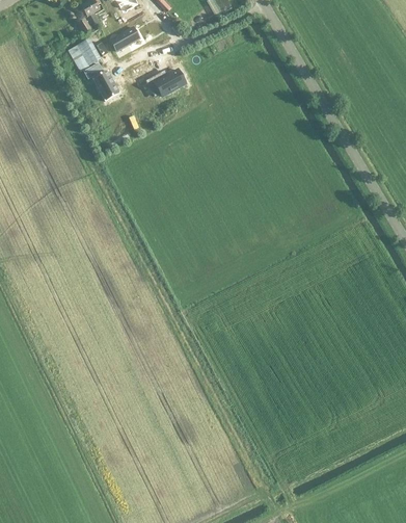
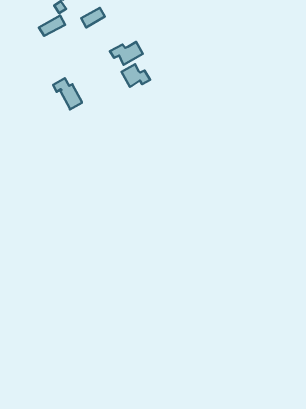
building: [84,62,119,101] -> [53,78,82,109]
building: none -> [121,64,150,87]

